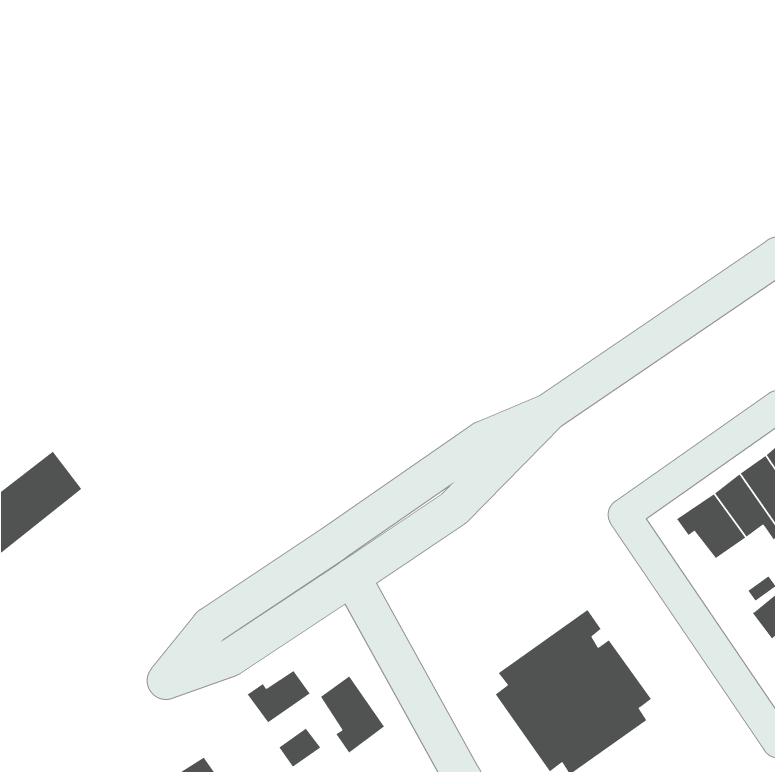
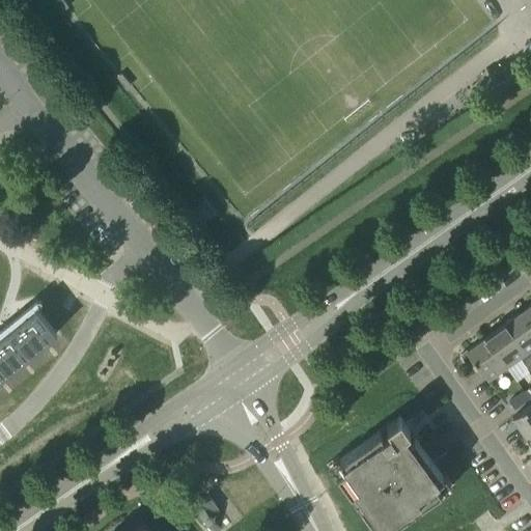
building: [247,670,311,723] -> none
building: [320,675,385,753] -> none

